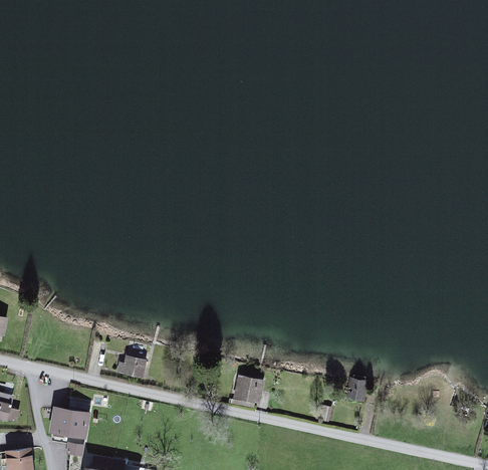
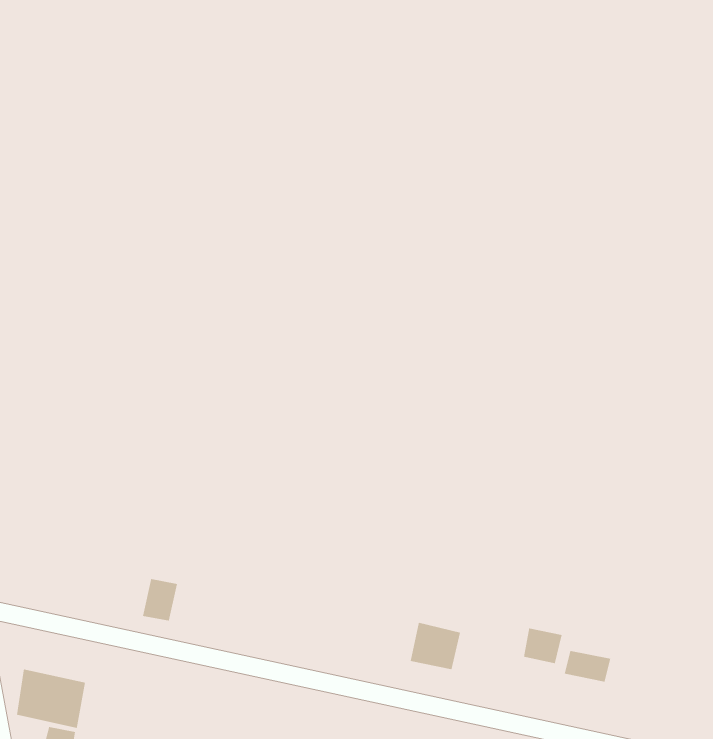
building: [232,371,262,399] -> [410,622,461,670]
building: none -> [564,650,611,682]

